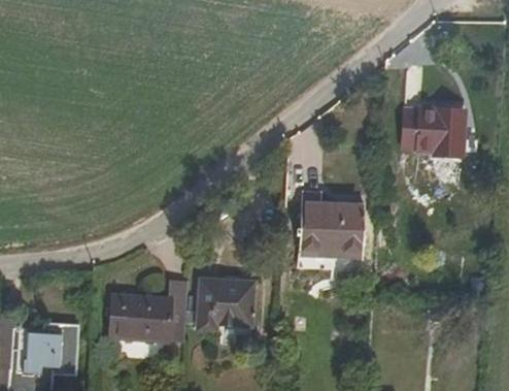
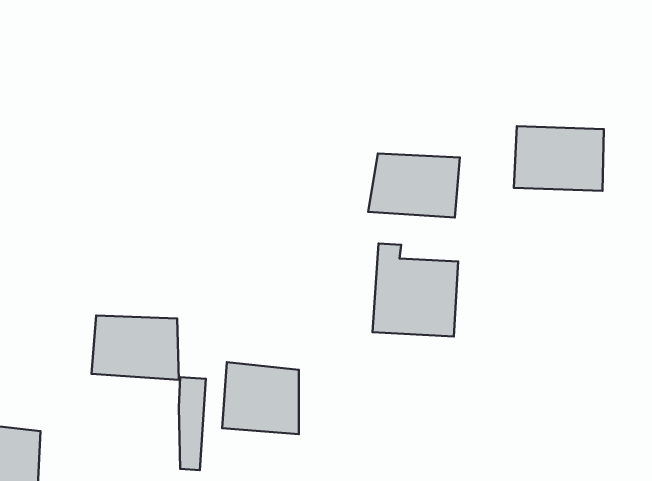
building: none -> [368,154,460,217]
building: [111,301,171,346] -> [92,315,179,380]

